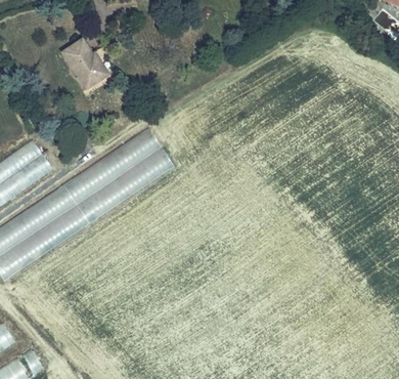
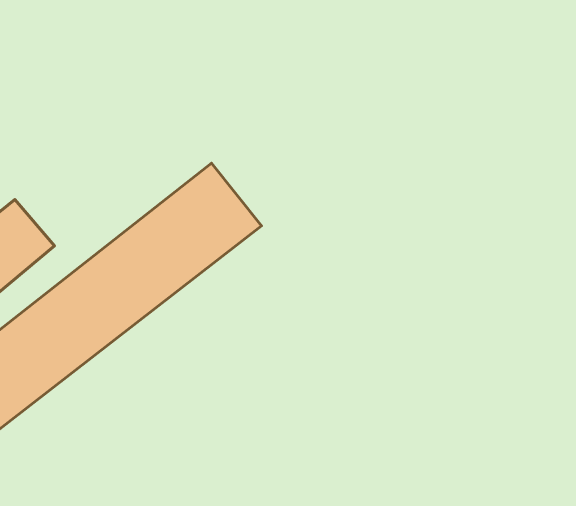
building: [63,41,107,87] -> none

